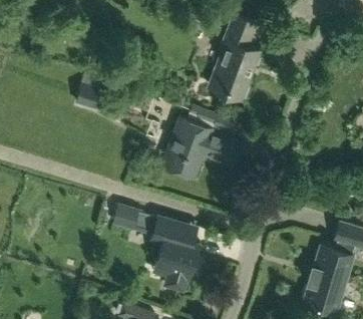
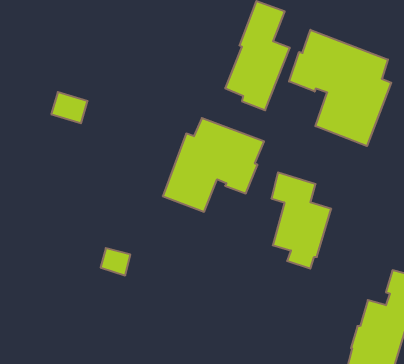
building: none -> [289,30,391,146]
building: [152,218,199,292] -> [271,172,331,269]

